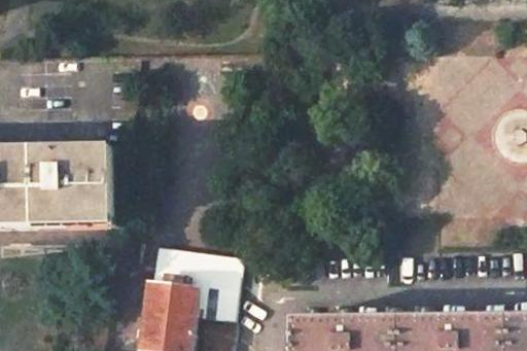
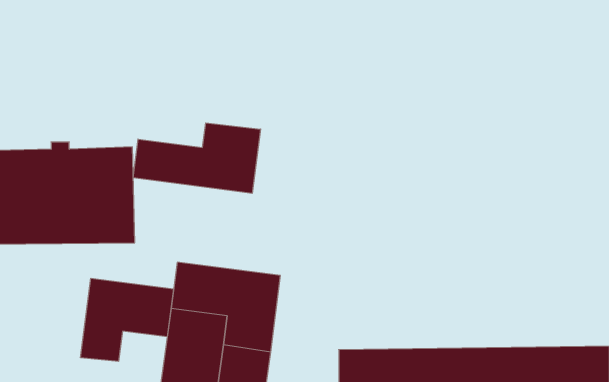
building: none -> [133,123,261,193]
building: none -> [81,278,173,361]

